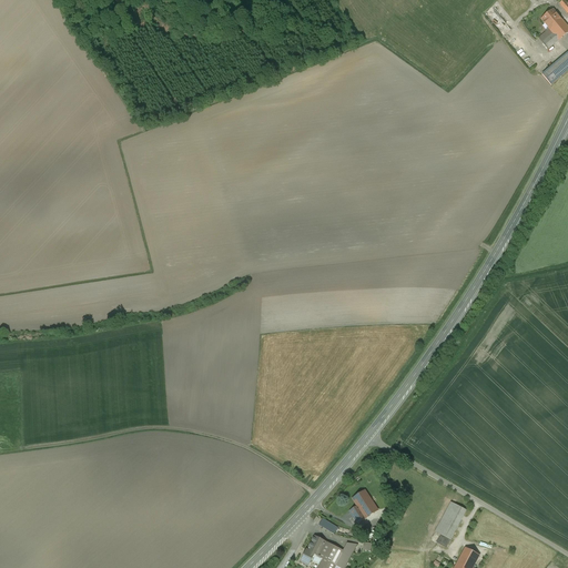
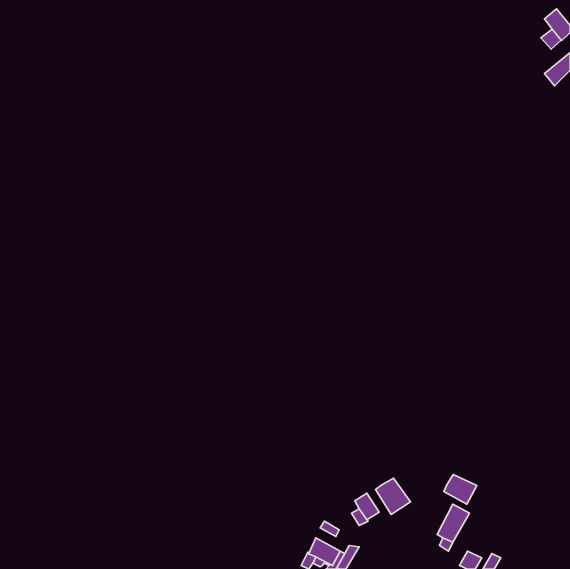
building: none -> [444,474,477,504]
building: none -> [375,478,410,514]

